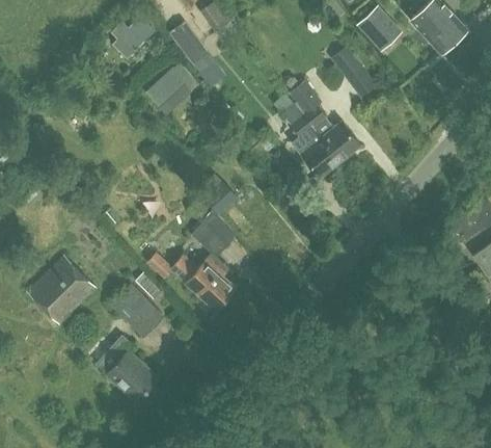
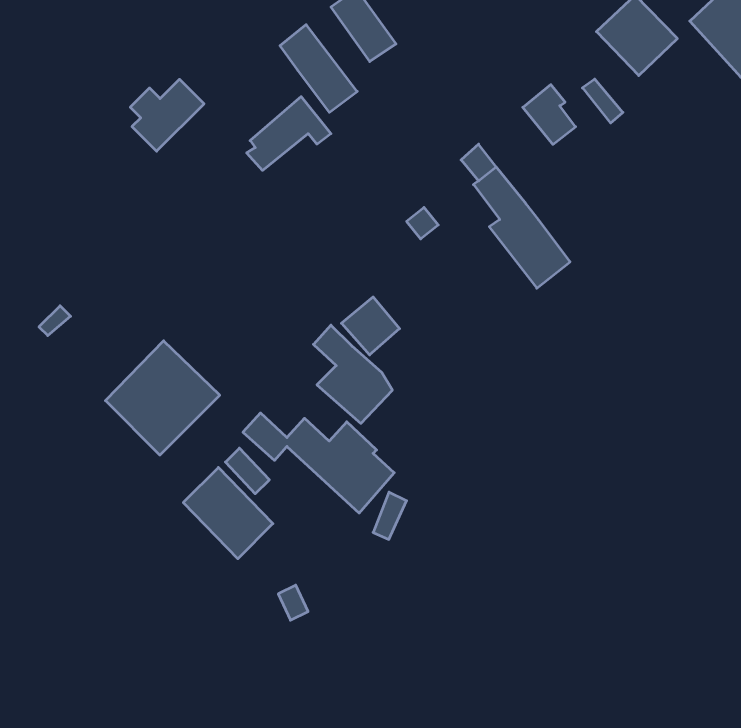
building: [111,17,155,59] -> [130,79,204,151]
building: [296,93,327,128] -> [523,85,576,144]
building: [321,122,360,162] -> none
building: [26,259,93,326] -> [105,341,220,455]
building: [96,335,157,400] -> none

